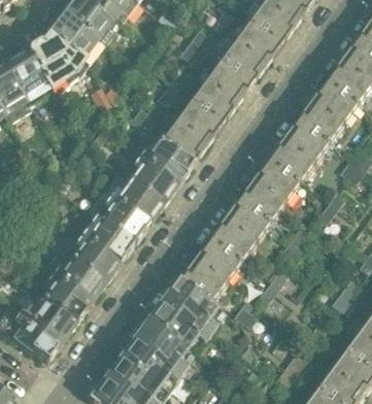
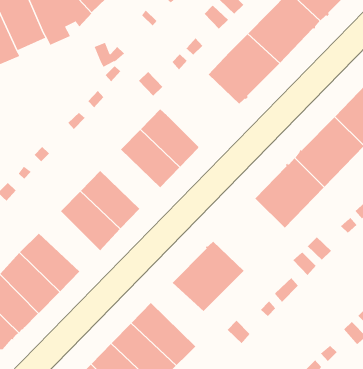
building: [159,101,217,163] -> none
building: [108,174,161,222] -> none
building: [211,200,270,262] -> none
building: [64,233,117,281] -> none
building: [166,279,224,331] -> none

